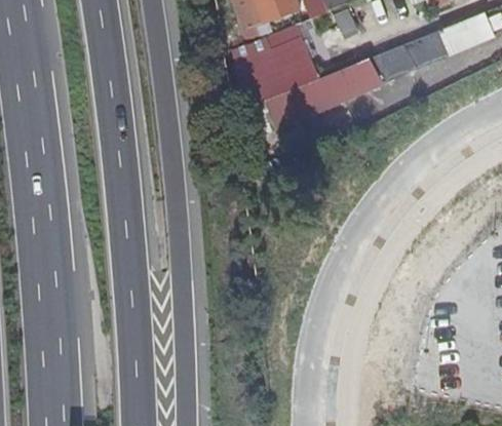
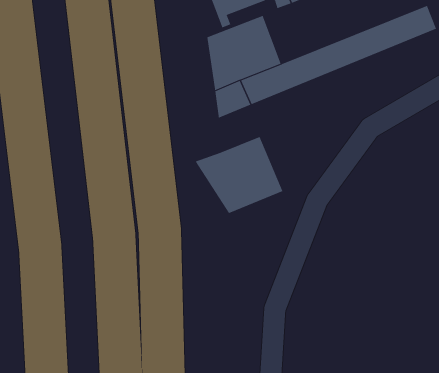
building: none -> [195,136,283,214]

